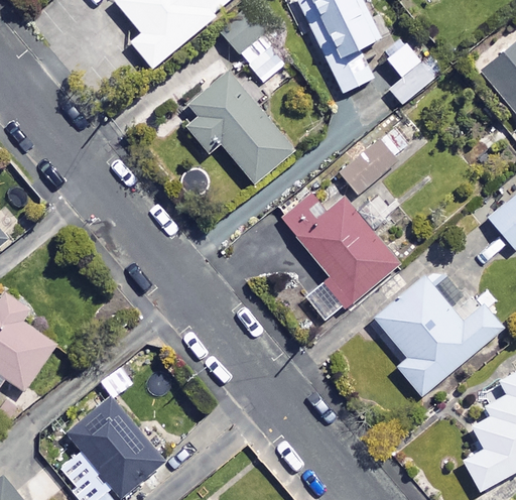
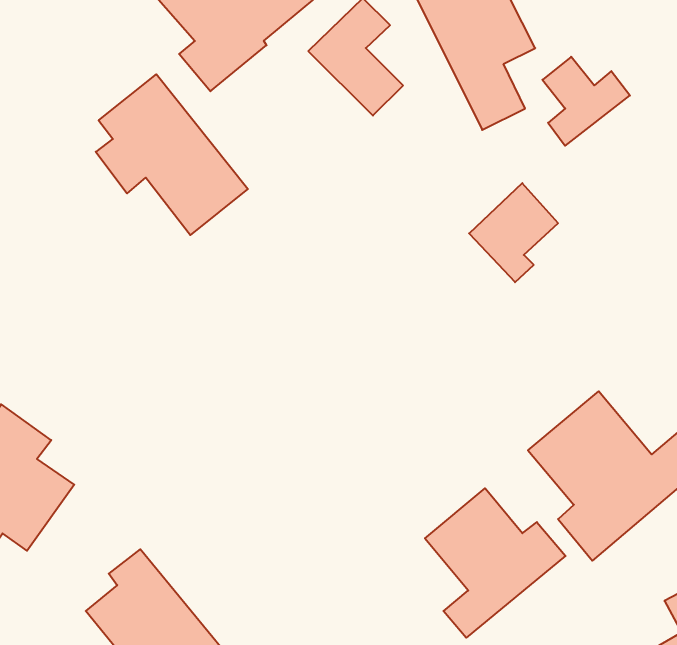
building: [185,72,292,184] -> [96,74,248,235]
building: [283,193,399,305] -> none
building: none -> [425,488,566,638]

